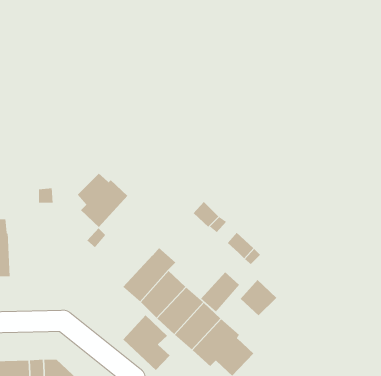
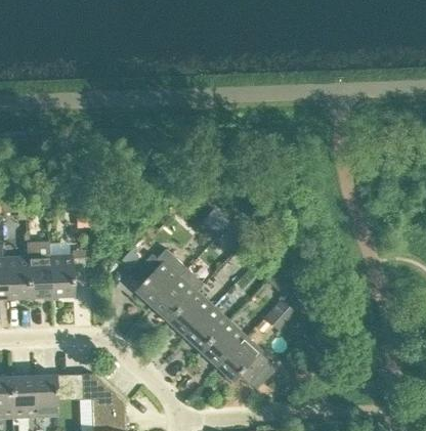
building: [77,173,128,228] -> [133,255,181,306]
building: none -> [47,255,84,297]
building: [200,271,240,312] -> none
building: [123,315,171,371] -> none

